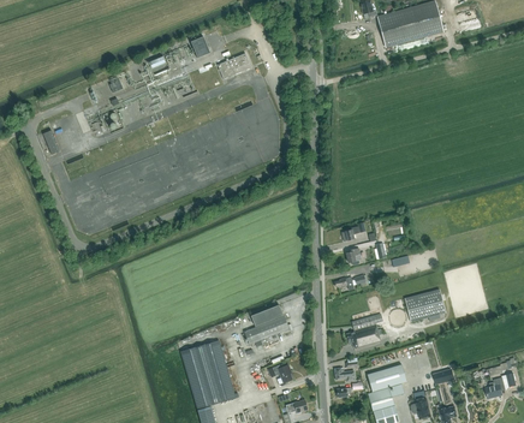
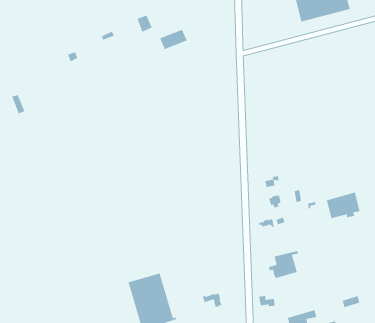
building: [405,288,446,321] -> [326,192,360,219]
building: [244,304,290,346] -> none
building: [368,364,406,391] -> none

